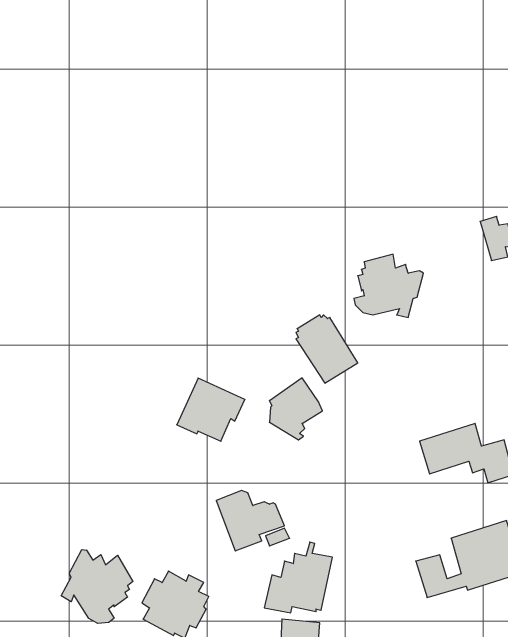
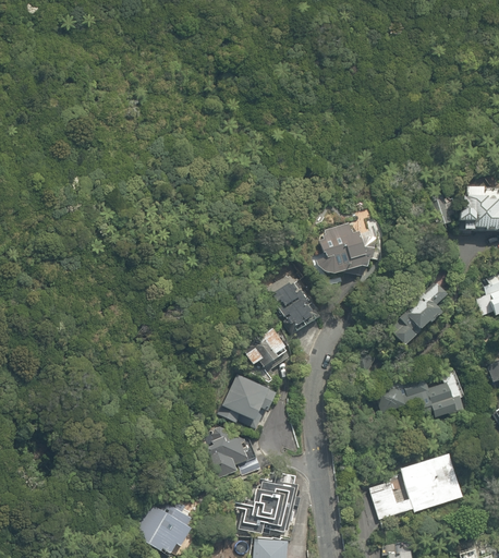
building: none -> [388,283,446,345]
building: [177,378,245,441] -> [219,374,278,428]
building: [61,550,133,623] -> none

